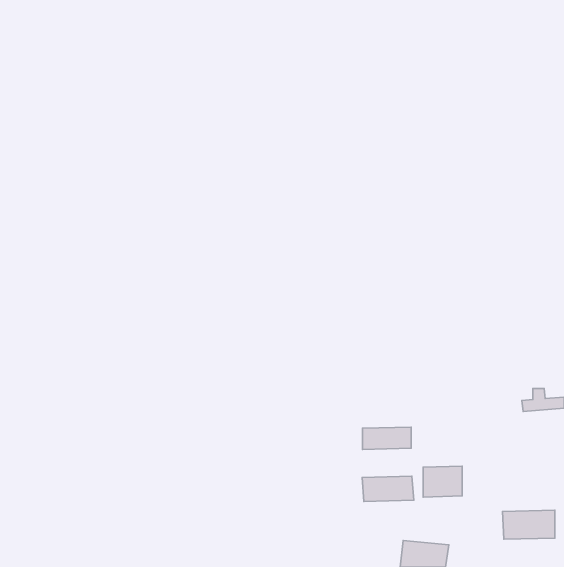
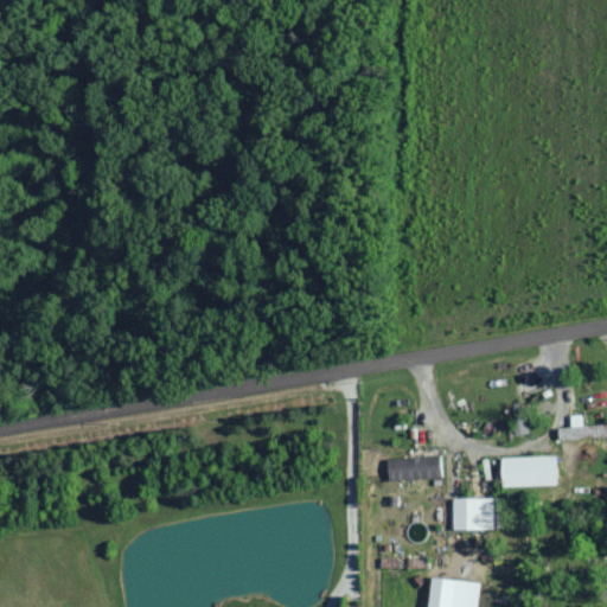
building: [362,476,414,502] -> none
building: [503,510,555,539] -> [501,456,557,487]

